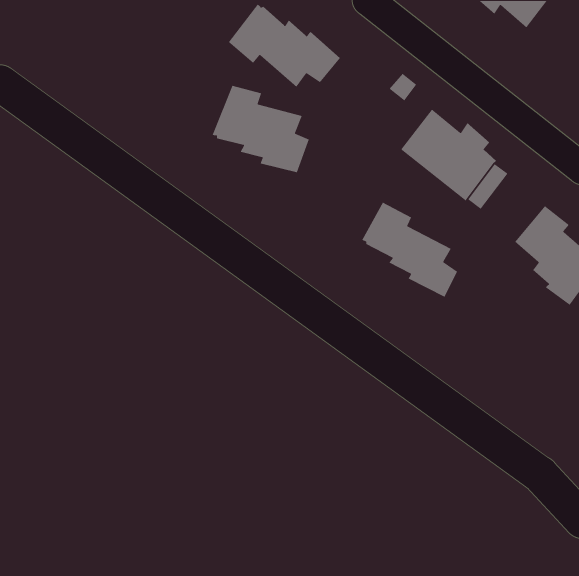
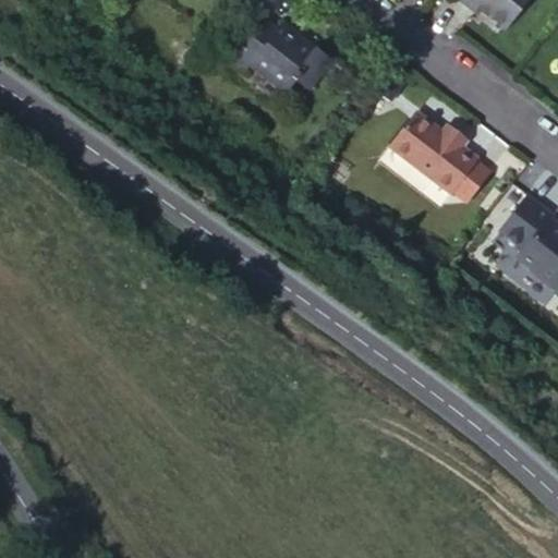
building: [212,85,310,173] -> none
building: [361,201,458,298] -> none

